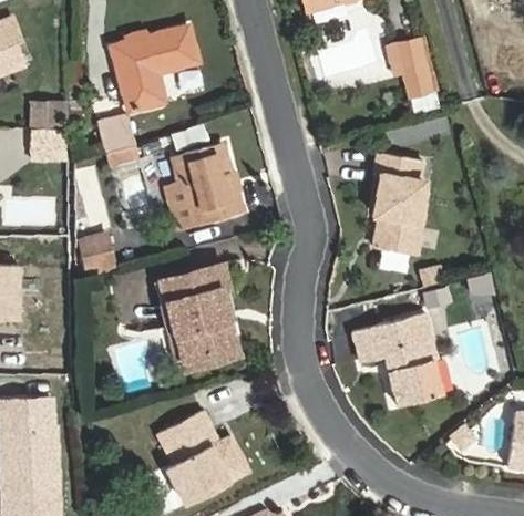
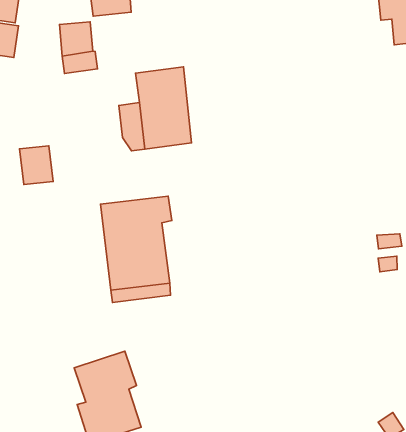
building: [374,155,424,254] -> none
building: [353,312,442,404] -> none

